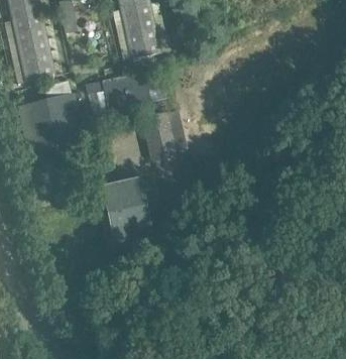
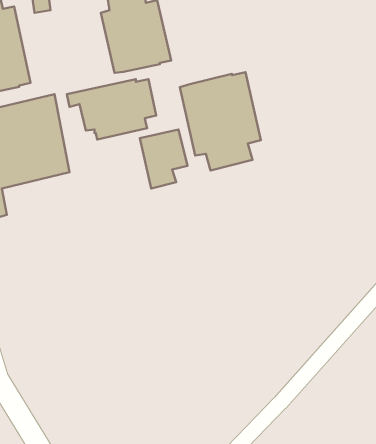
building: none -> [180,72,261,170]
building: [103,175,151,235] -> none

